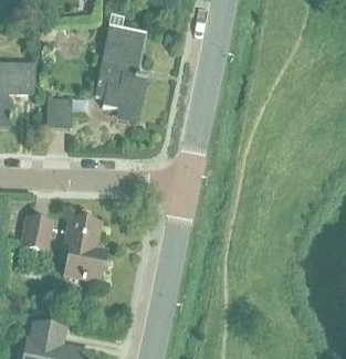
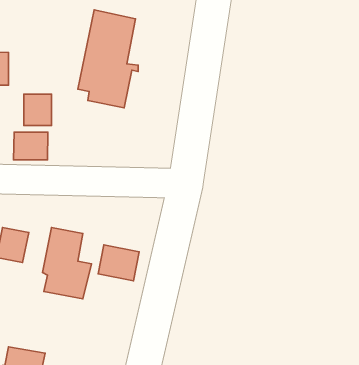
building: none -> [14,132,48,160]
building: none -> [98,245,139,281]

